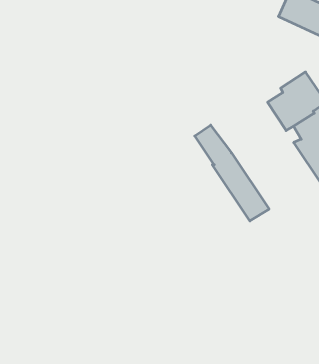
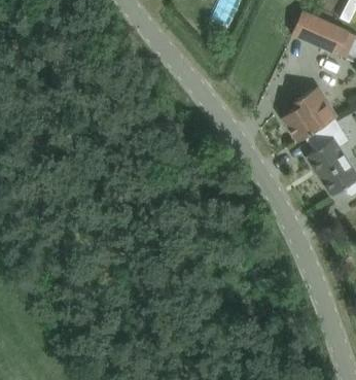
building: [195,125,269,221] -> none

